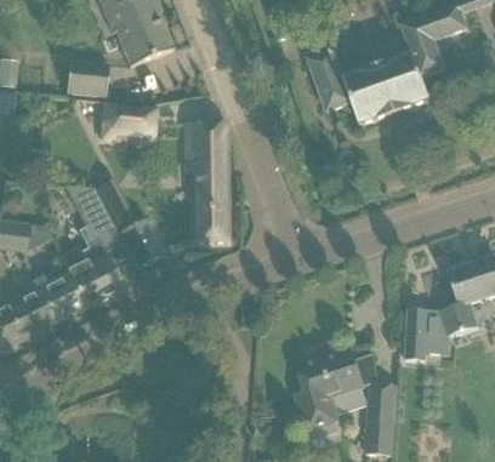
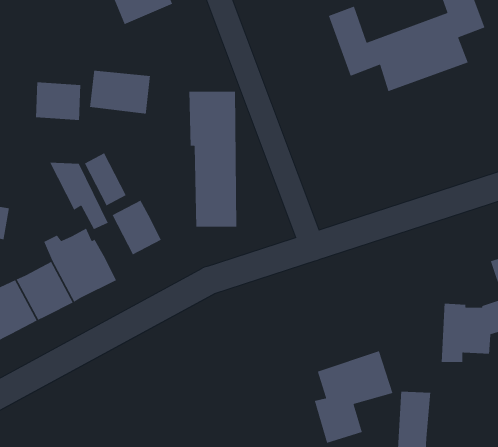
building: [67,61,107,95] -> [35,82,81,121]

